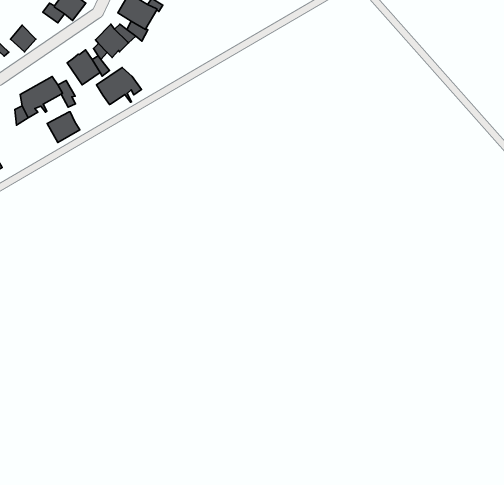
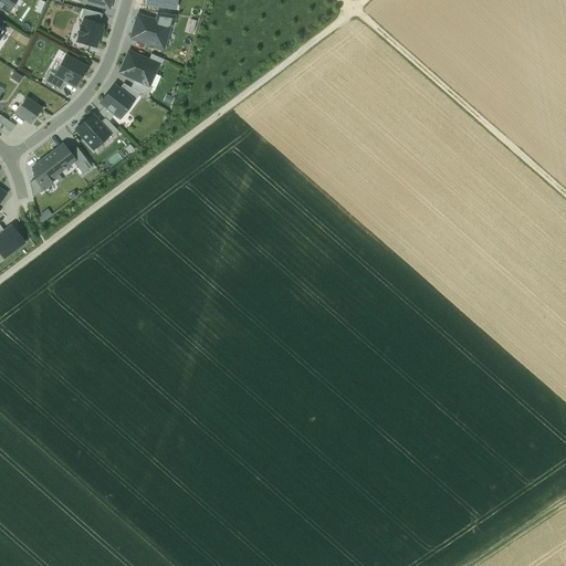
building: [97,67,142,105] -> none
building: [47,112,80,142] -> none

